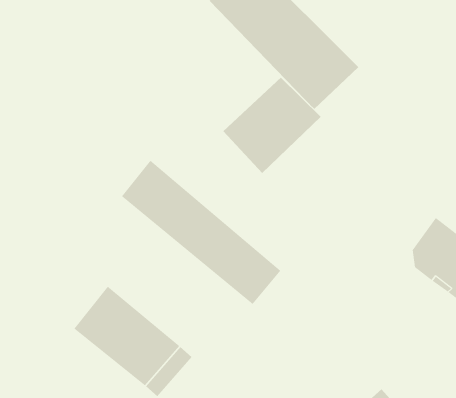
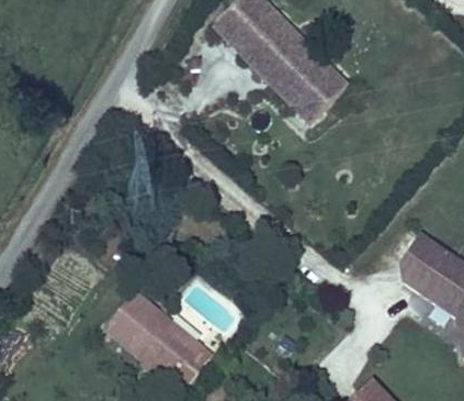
building: [222,77,321,174] -> none
building: [121,160,281,305] -> none

